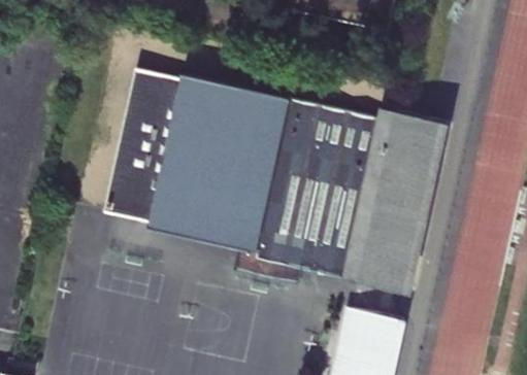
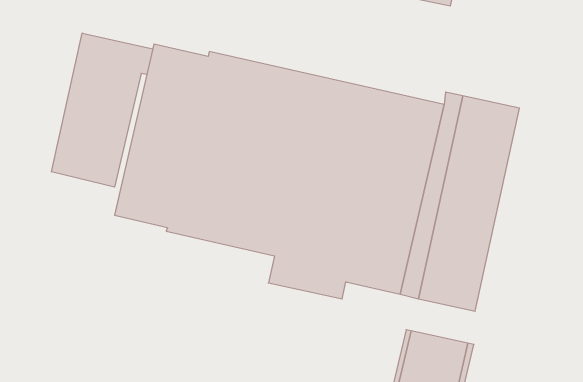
building: none -> [51,33,153,187]

